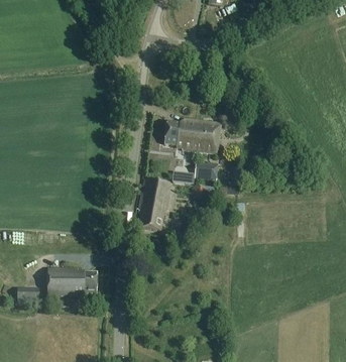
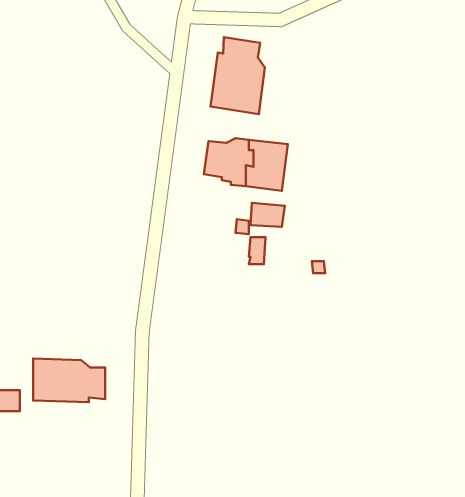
building: none -> [210,37,265,114]
building: [139,178,172,231] -> none

